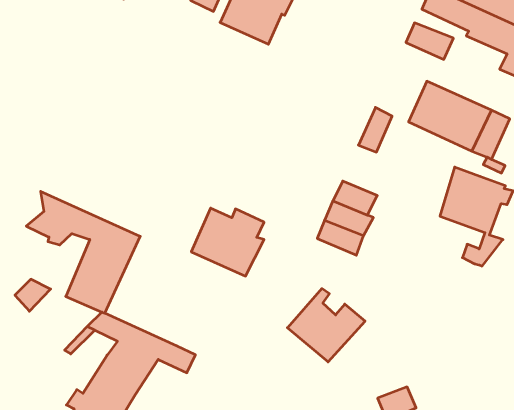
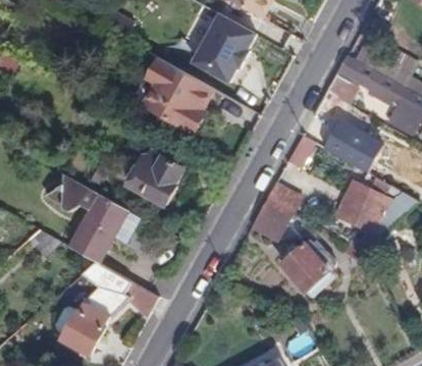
building: none -> [139,59,213,136]
building: [191,208,264,276] -> [126,155,179,205]
building: [287,289,365,362] -> [282,233,337,285]

